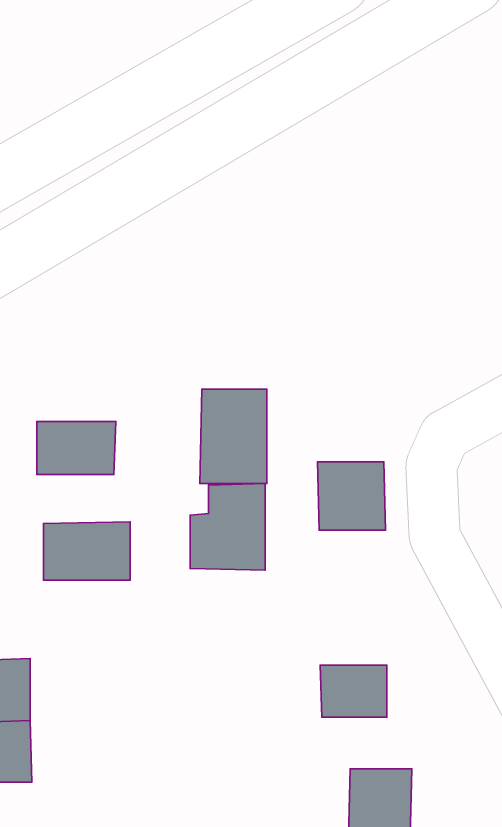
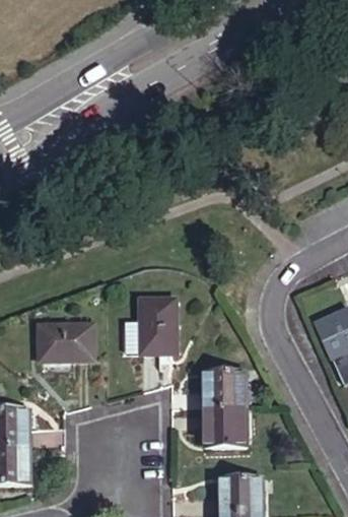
building: [200,389,267,483] -> none
building: [37,421,116,474] -> none
building: [317,462,386,530] -> [200,369,241,410]

